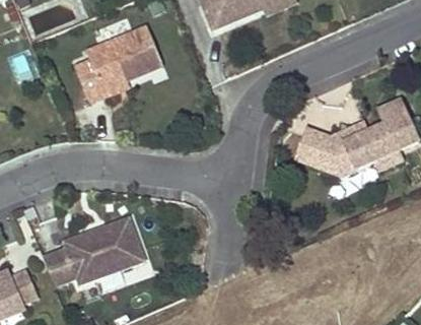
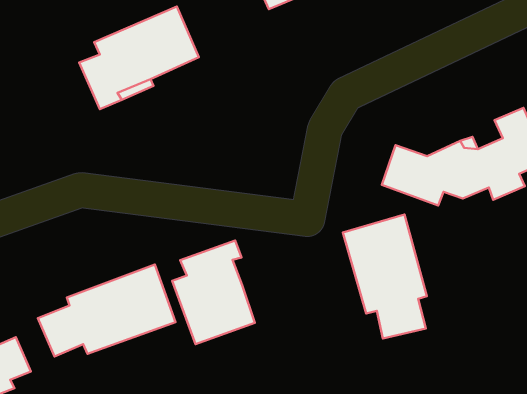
building: none -> [343,214,427,339]
building: none -> [172,241,255,344]

